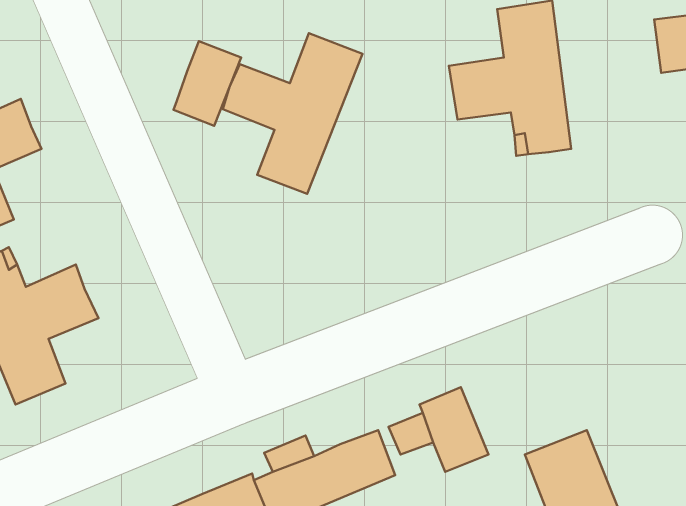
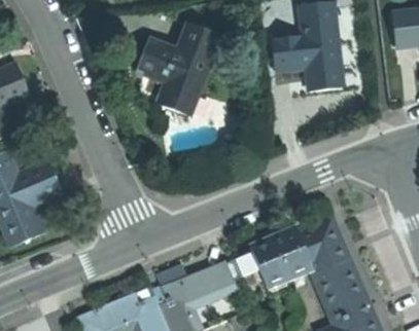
building: [173,41,241,126] -> none
building: none -> [278,217,353,274]

